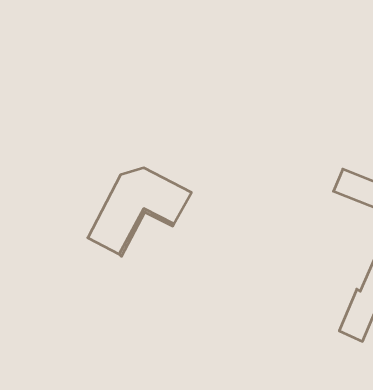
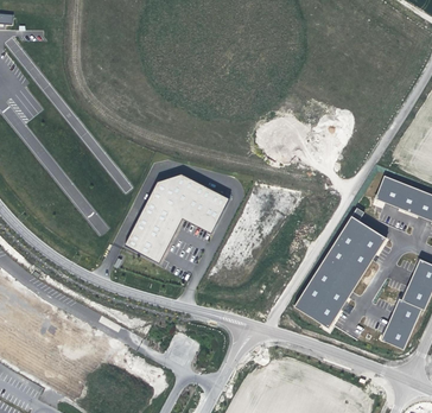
building: none -> [293,209,386,329]

